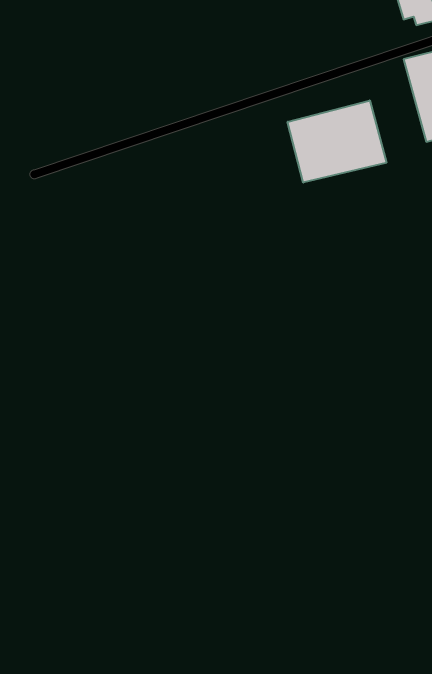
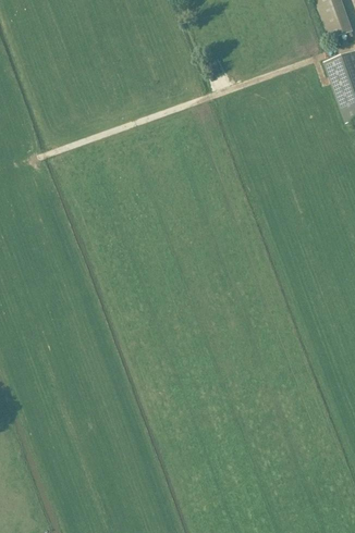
building: [288,100,386,183] -> none

